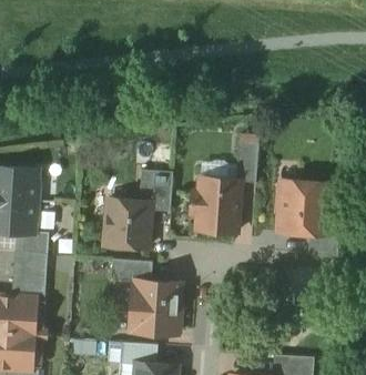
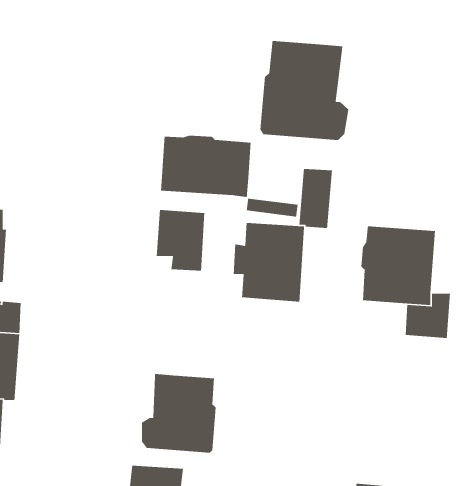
building: none -> [260,40,349,141]
building: none -> [160,135,251,198]
building: [104,200,151,249] -> none
building: [111,260,152,283] -> none

